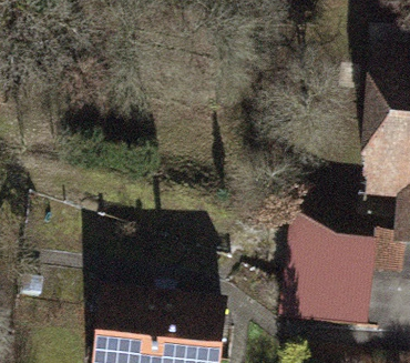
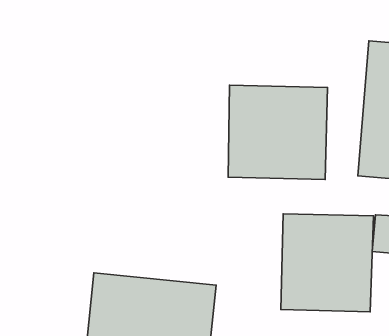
building: none -> [228,85,328,179]

